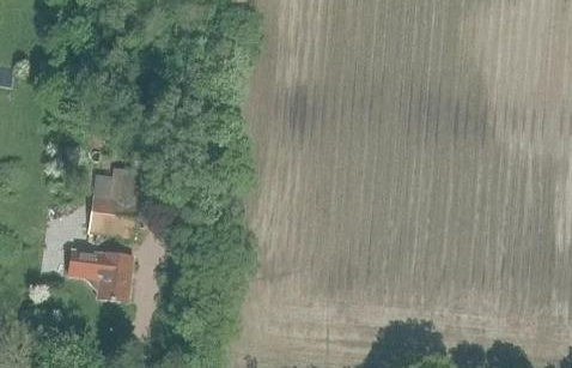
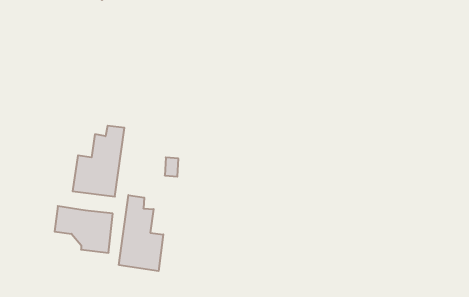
building: none -> [119,195,163,271]

